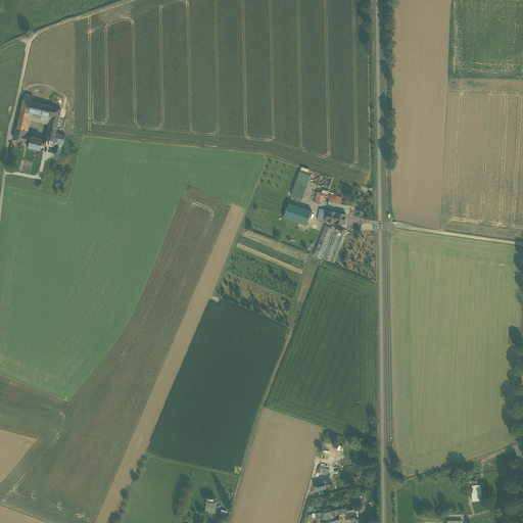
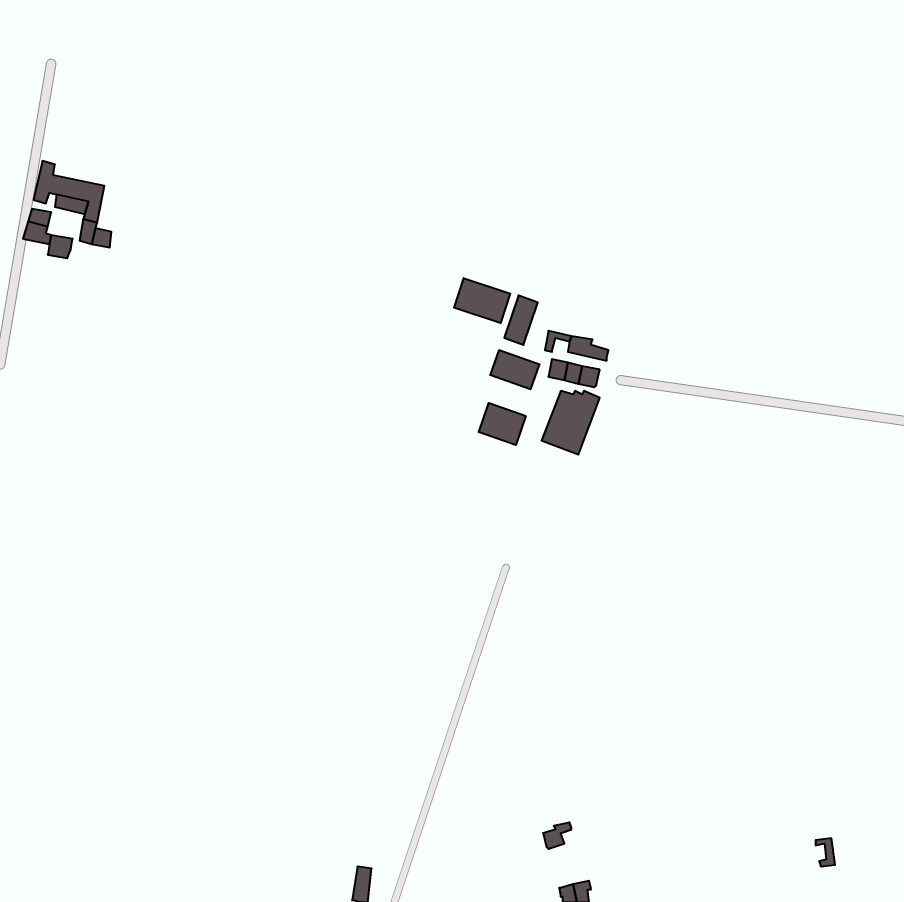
building: none -> [454,278,510,323]
building: none -> [479,403,526,445]

